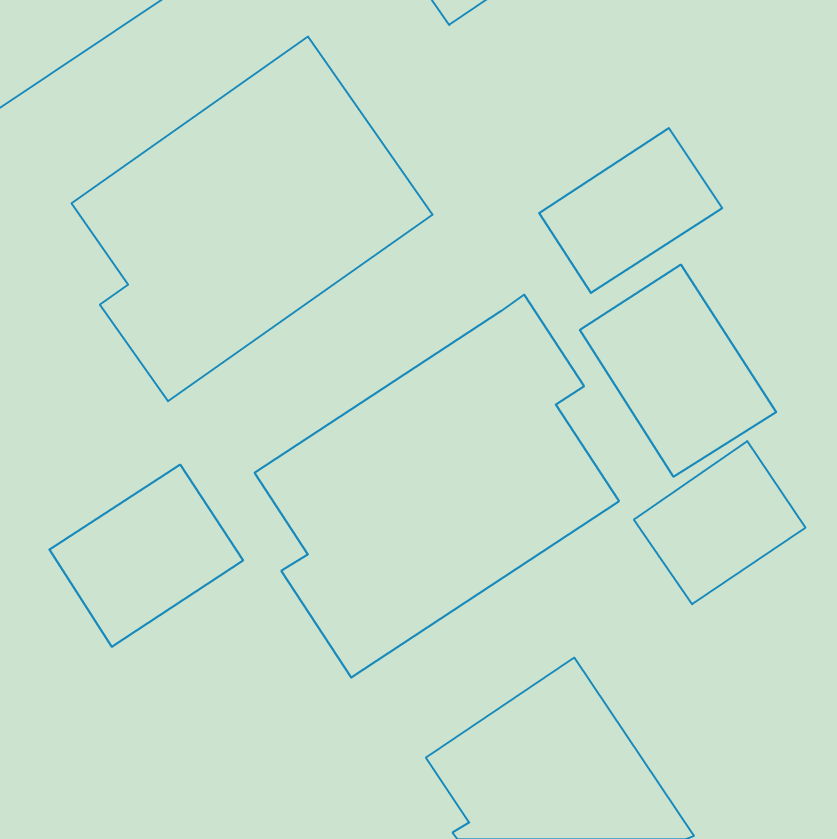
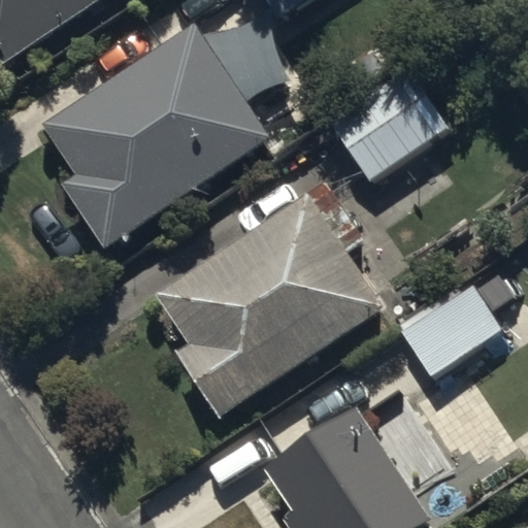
building: [580,265,776,477] -> none
building: [49,465,243,647] -> none

